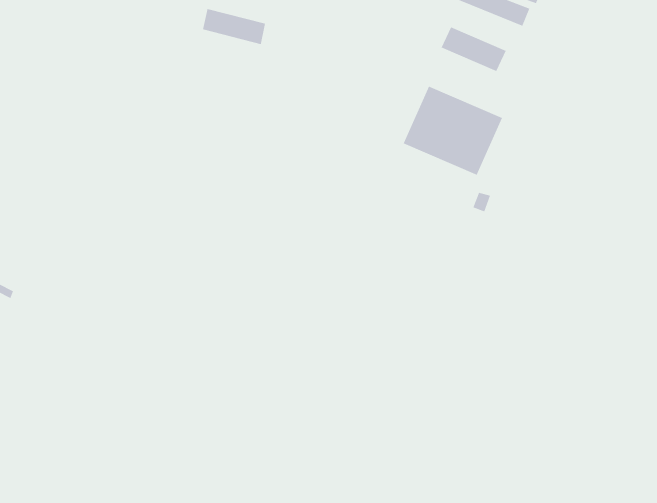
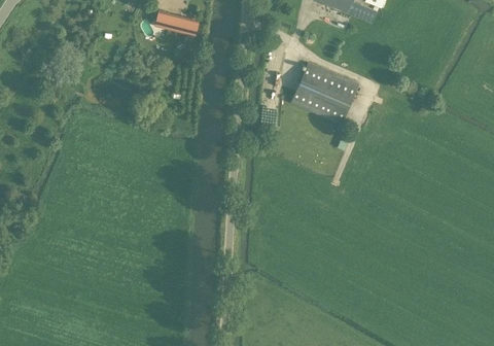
building: [441,26,507,72] -> none

